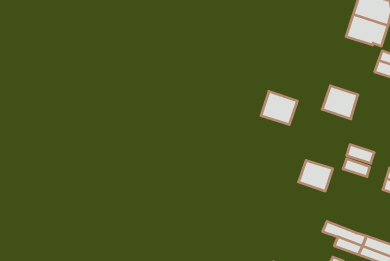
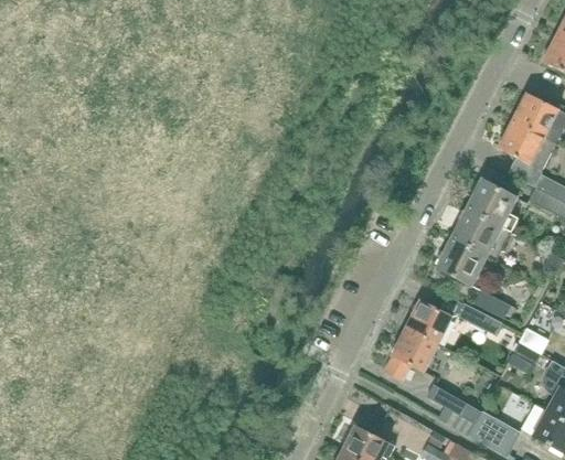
building: none -> [467,179,518,231]
building: [261,91,297,125] -> [436,237,487,285]
building: none -> [384,327,438,379]

